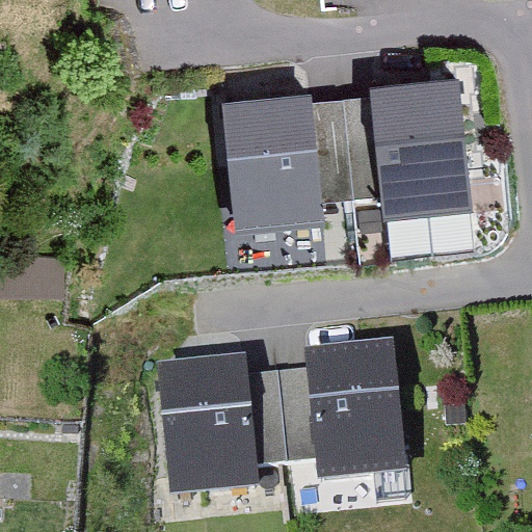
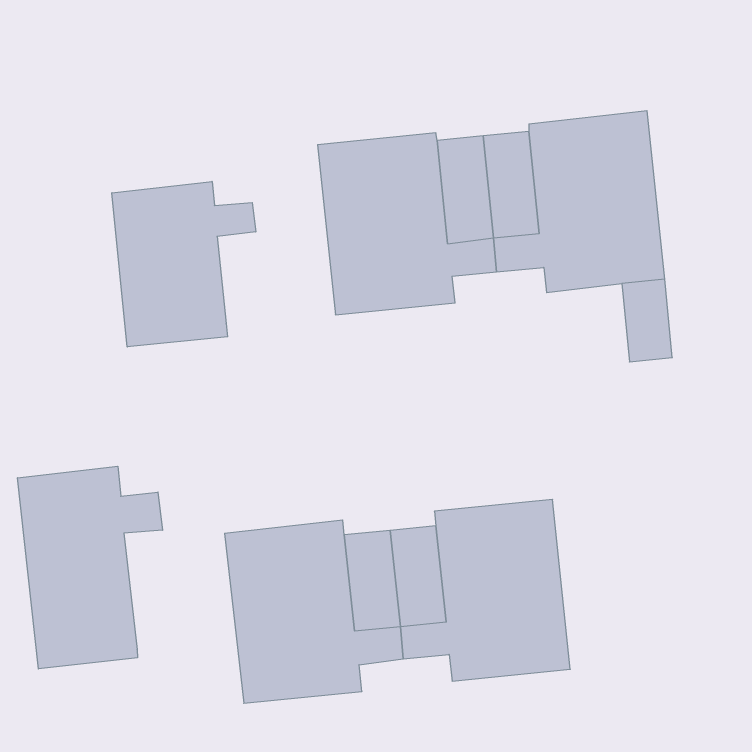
building: none -> [112,181,256,347]
building: none -> [18,466,163,669]

